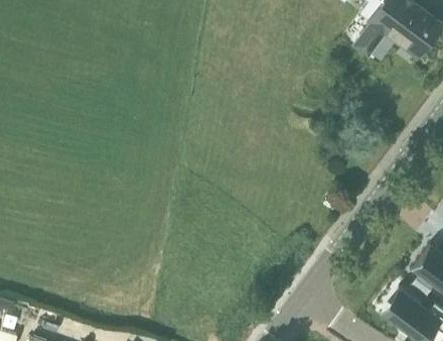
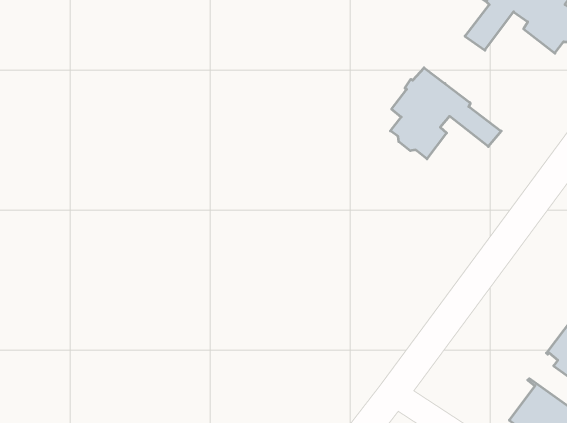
building: none -> [390,68,501,159]

